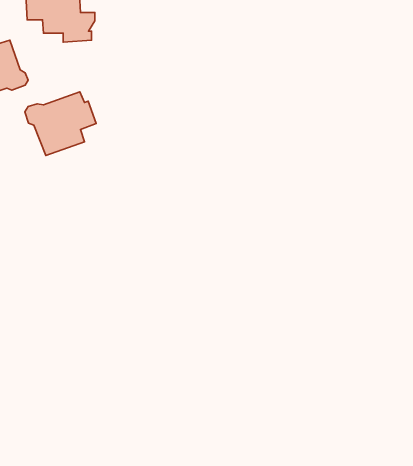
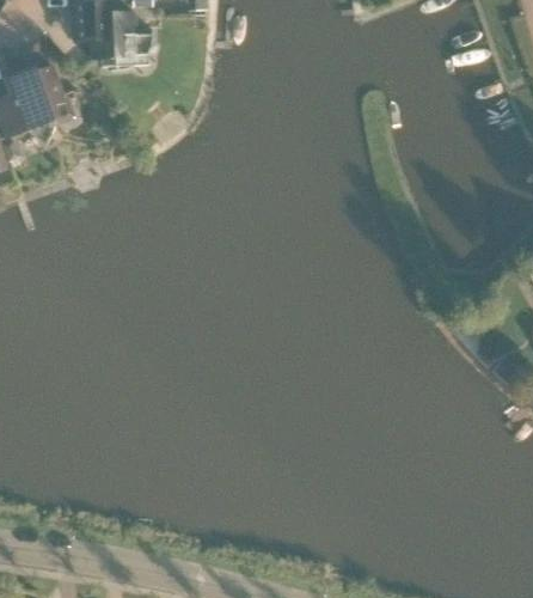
building: [25,92,96,156] -> none

